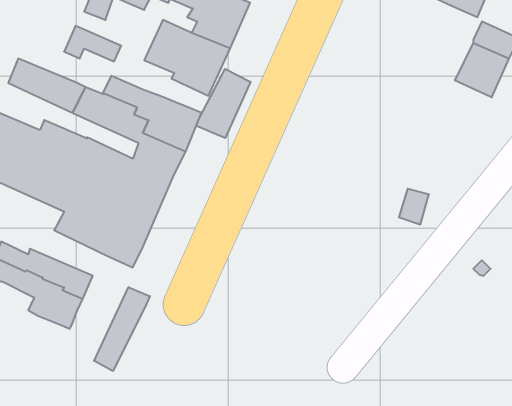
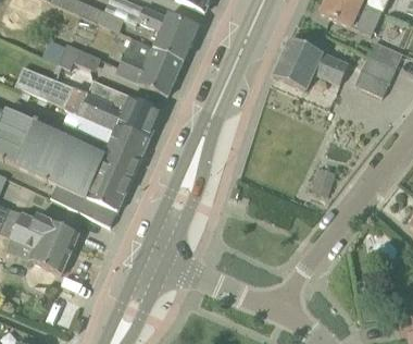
building: none -> [273,37,348,89]
building: [196,69,251,138] -> none
building: [94,287,150,371] -> none

